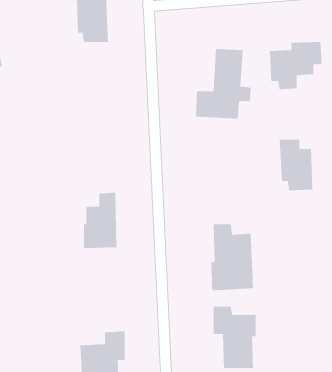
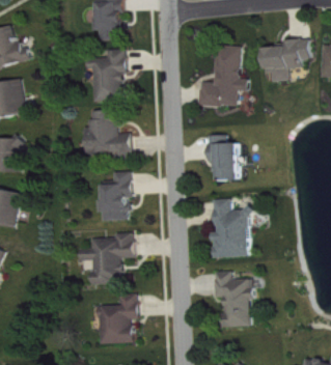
building: none -> [85,49,125,101]
building: none -> [84,110,129,157]
building: [279,139,313,191] -> [206,135,237,180]
building: none -> [80,232,134,283]

